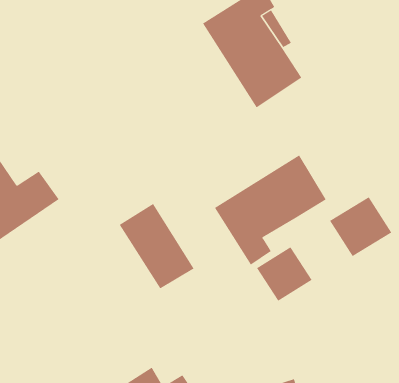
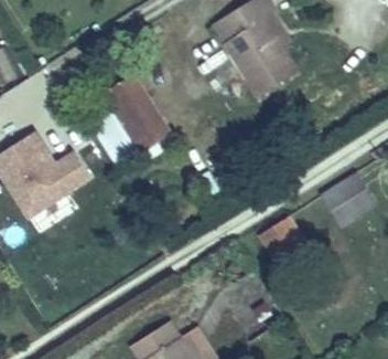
building: [214,154,326,266] -> none
building: [119,203,195,289] -> [105,76,170,150]

